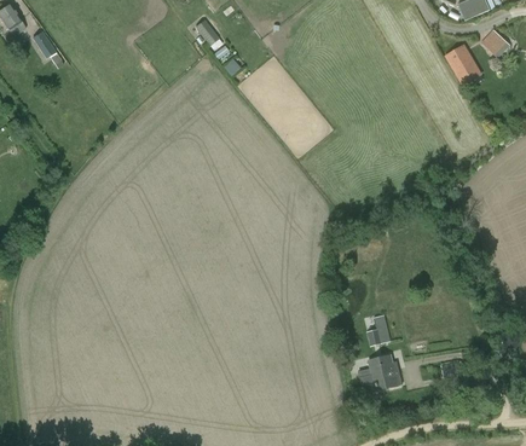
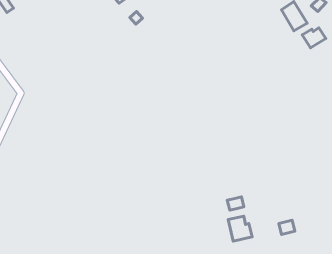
building: none -> [302,28,326,48]

